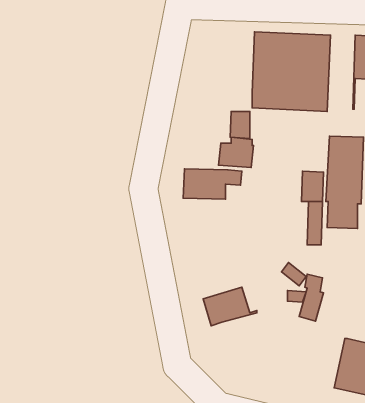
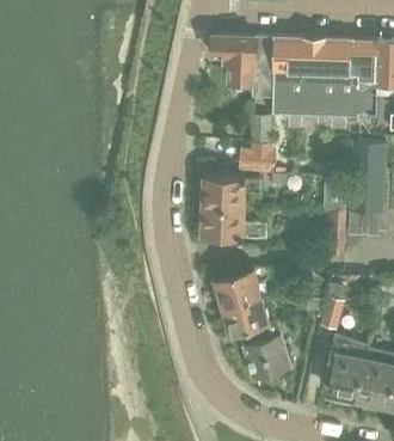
building: none -> [211,36,275,99]
building: none -> [349,41,377,118]
building: none -> [201,207,267,239]
building: none -> [214,270,261,310]
building: none -> [241,324,290,379]
building: none -> [326,336,370,400]

